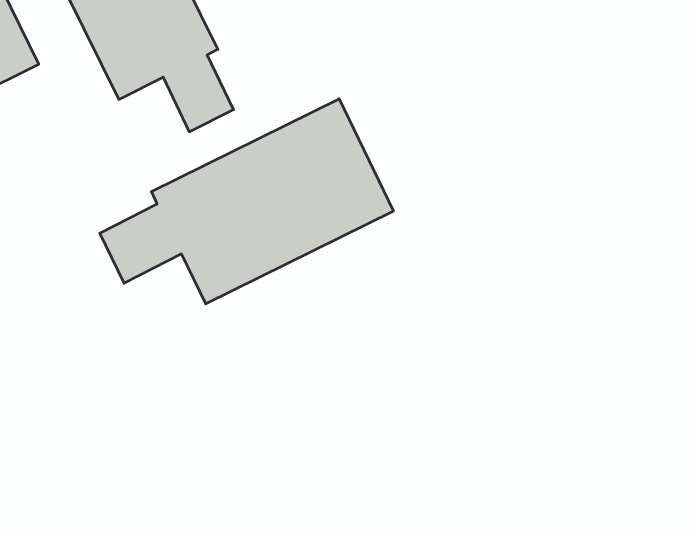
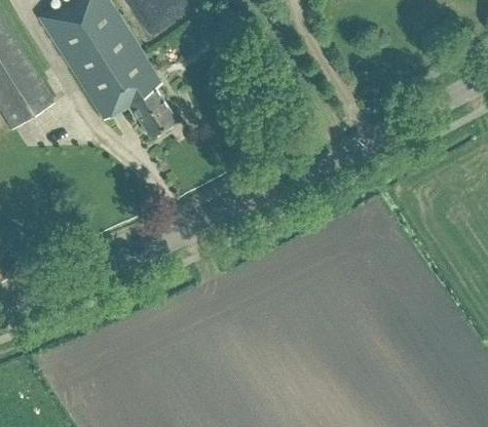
building: [100,99,393,304] -> none

